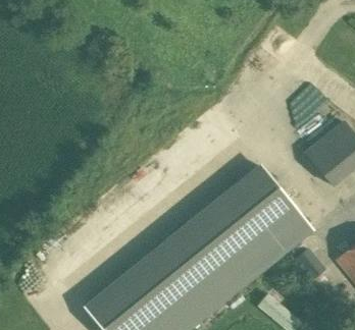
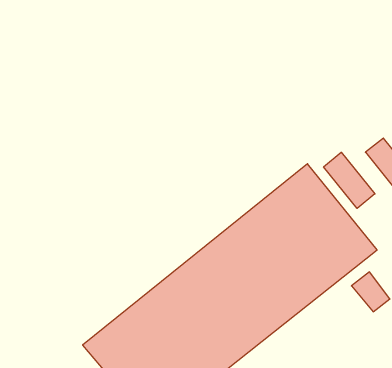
building: none -> [324,152,375,208]

